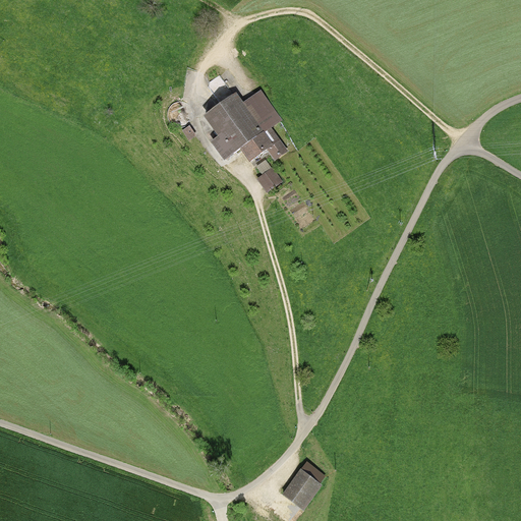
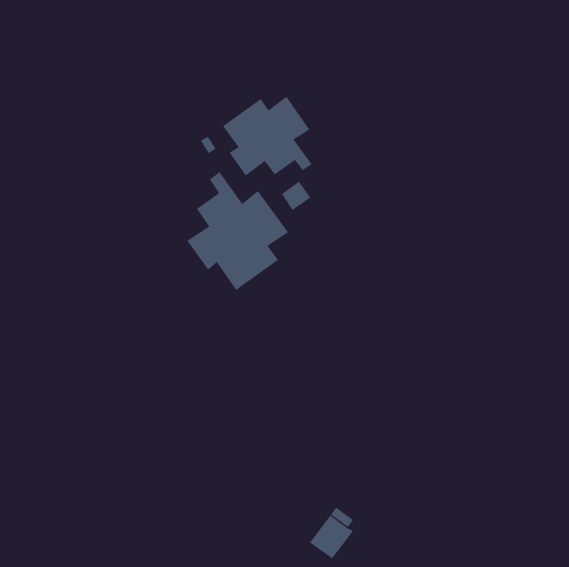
building: none -> [186,171,289,291]

